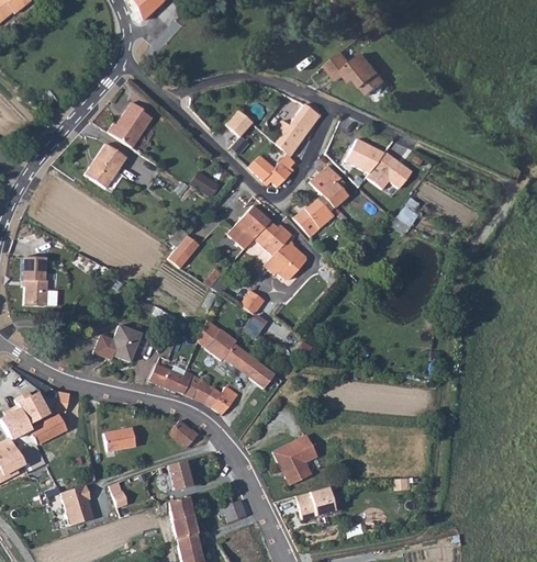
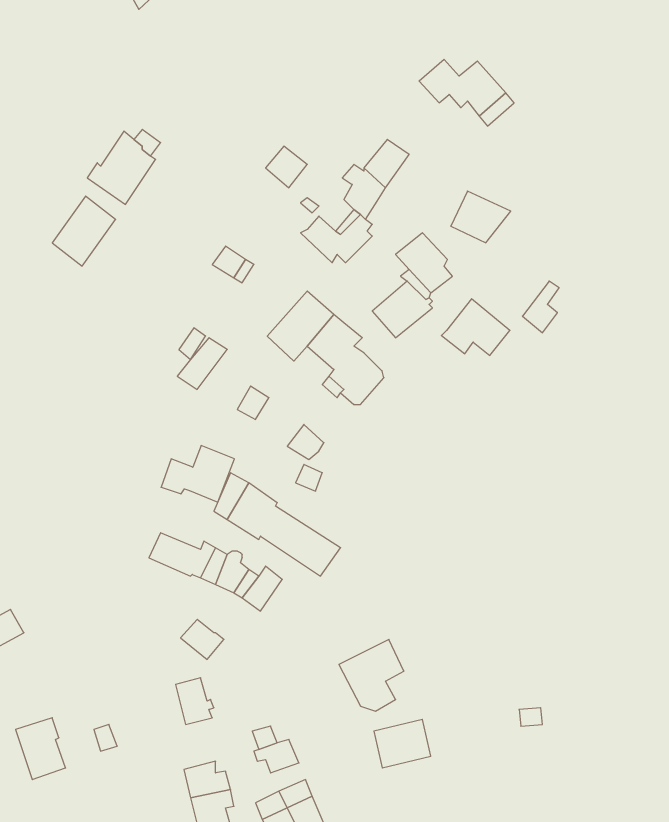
building: [368,151,413,189] -> [441,299,510,355]
building: [92,325,141,362] -> [161,446,234,502]
building: [104,427,135,451] -> none
building: [160,497,193,519] -> none

